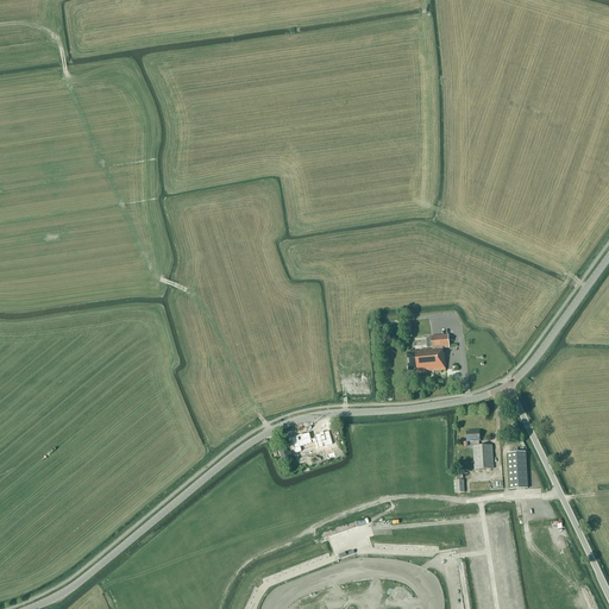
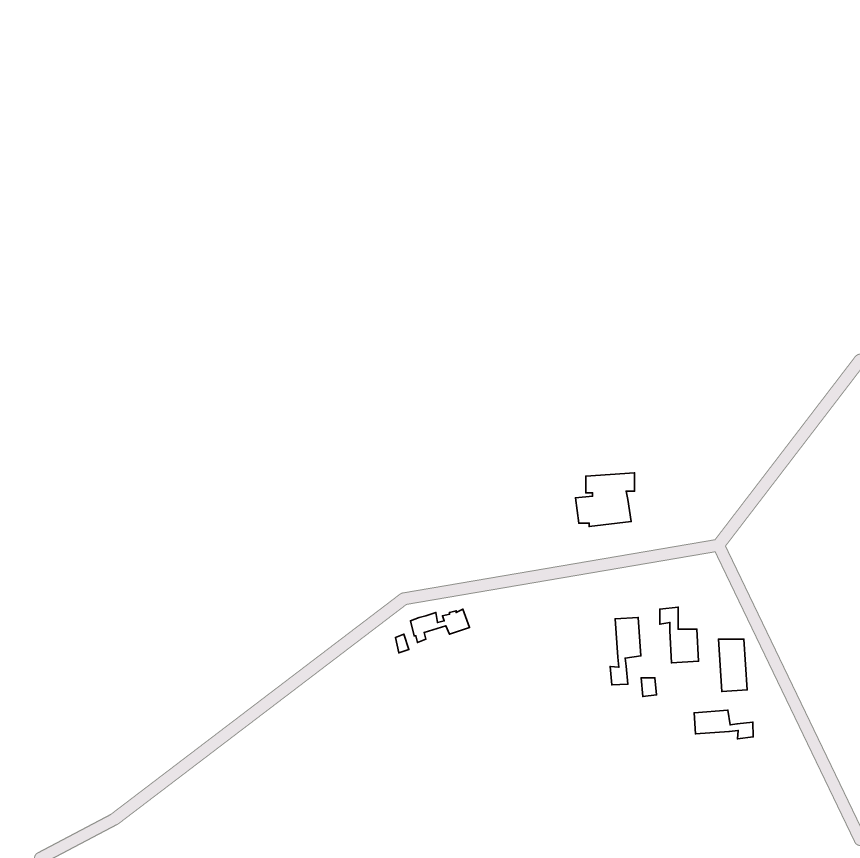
building: none -> [610,617,641,685]
building: none -> [694,710,753,739]

